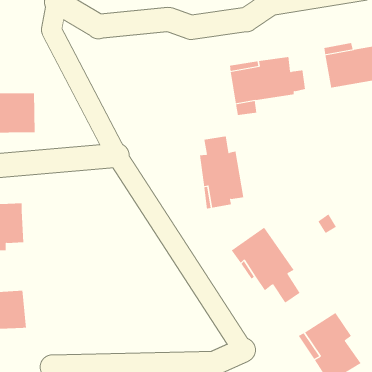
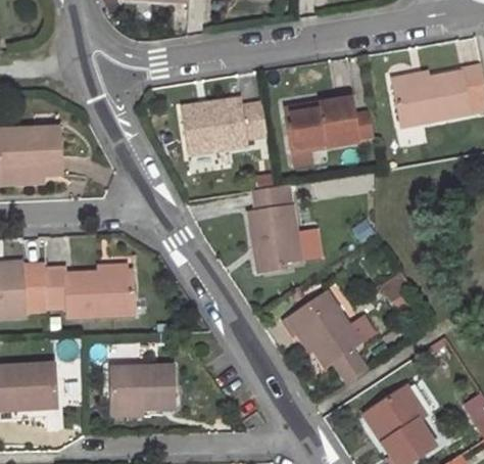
building: none -> [184,96,270,150]
building: none -> [46,267,133,315]
building: none -> [105,364,172,411]

